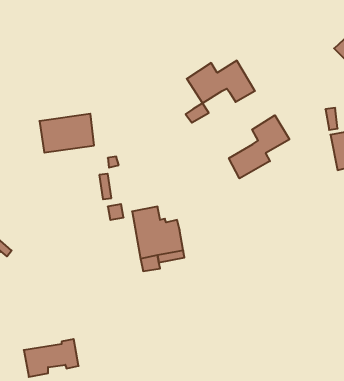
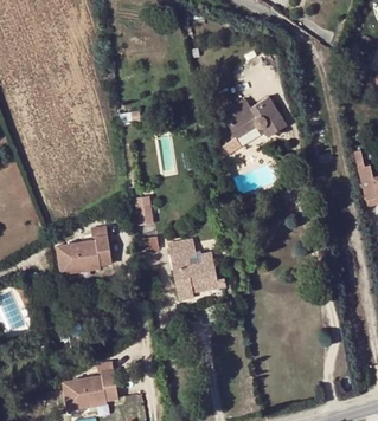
building: [39,114,94,153] -> [53,238,107,276]
building: [229,115,289,178] -> none

